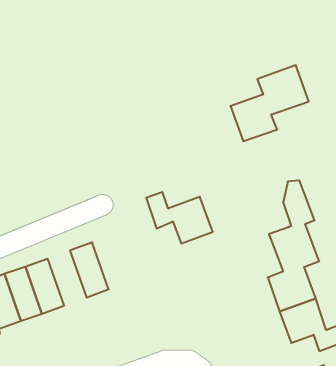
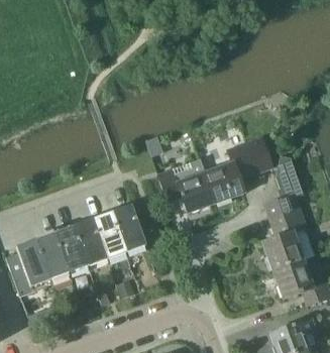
building: [230,65,309,141] -> [205,137,272,203]
building: none -> [112,205,146,252]
building: none -> [74,219,107,266]

